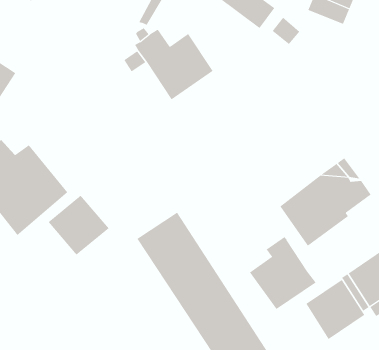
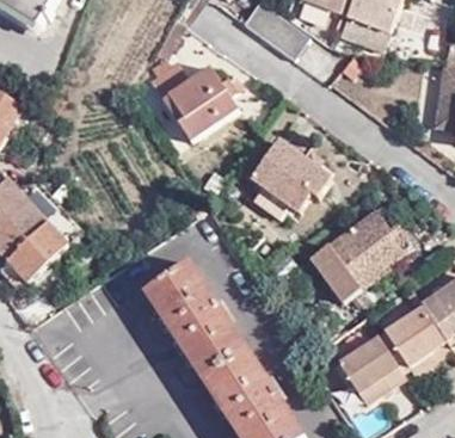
building: none -> [250,140,331,215]
building: [48,195,110,255] -> none
building: [249,236,316,310] -> none

